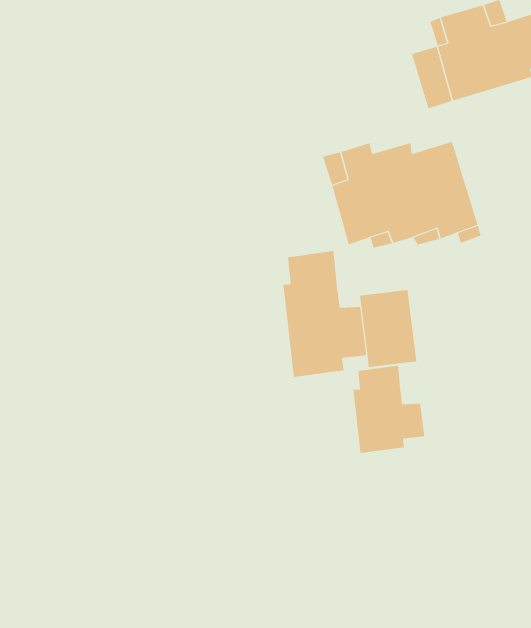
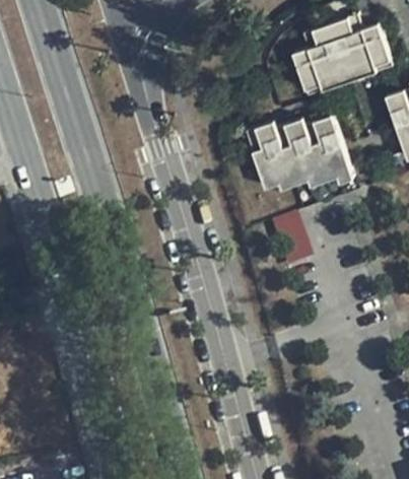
building: [283,250,367,378] -> none
building: [353,365,425,454] -> none

